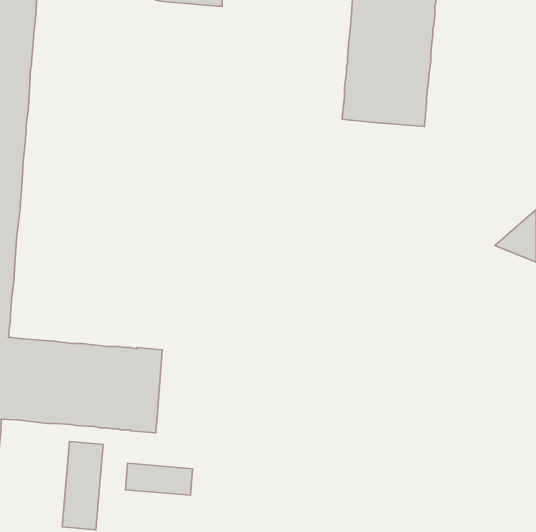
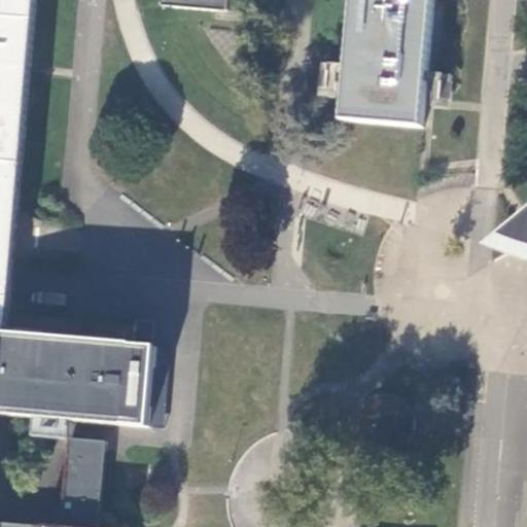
building: [125,463,193,495] -> none

